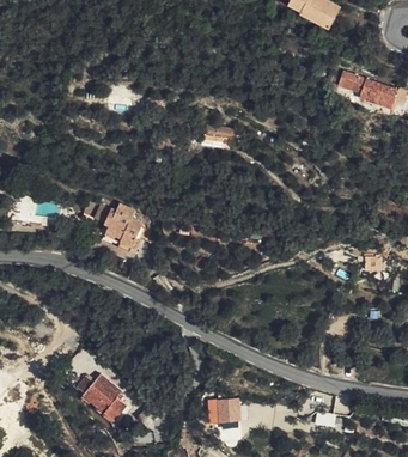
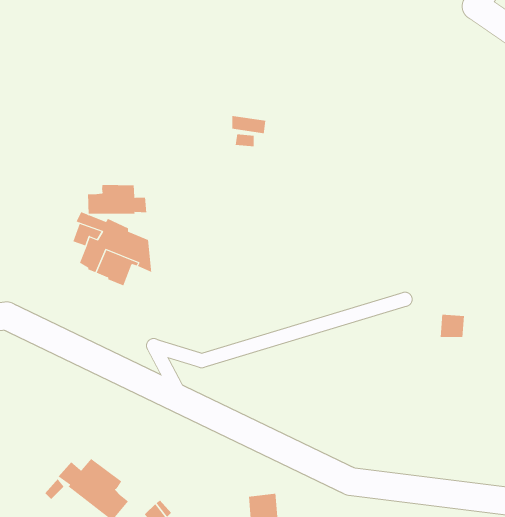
building: [337,73,398,109] -> none
building: none -> [88,184,147,215]

